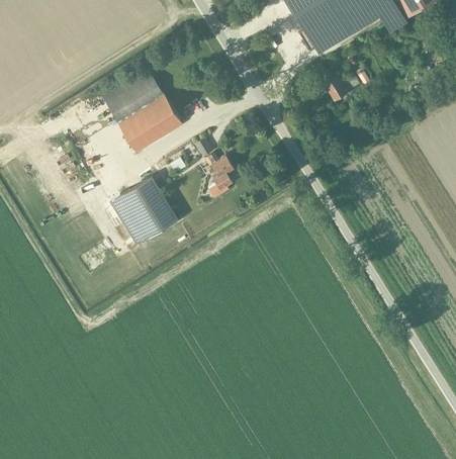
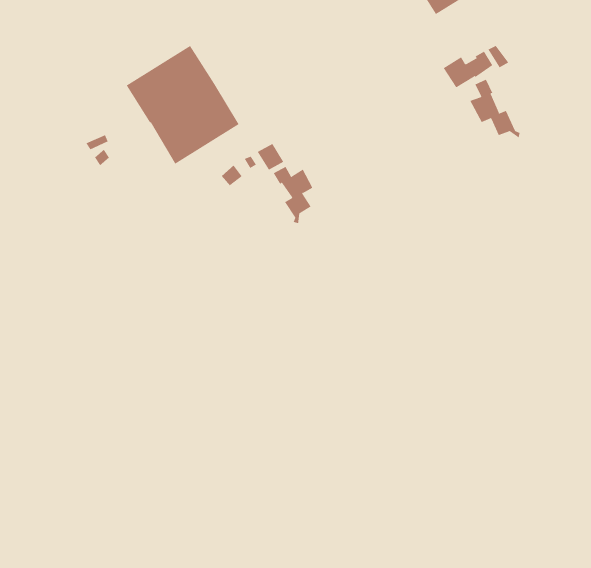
building: none -> [470,79,520,138]
building: [110,177,178,246] -> none

